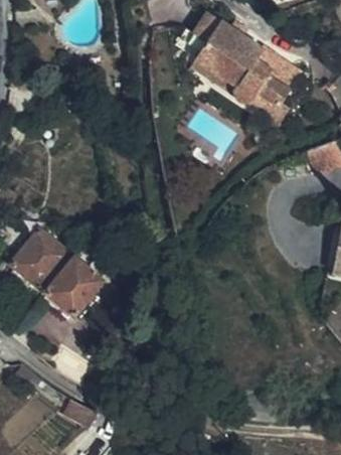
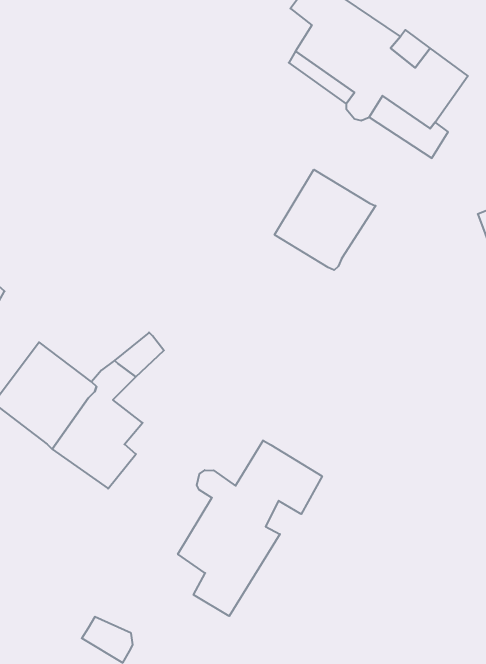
building: none -> [275,170,376,270]
building: none -> [178,440,322,616]

